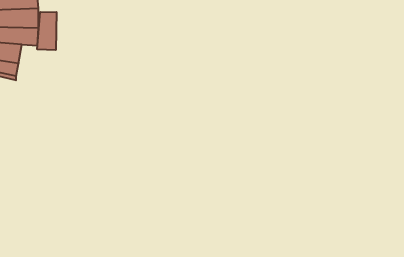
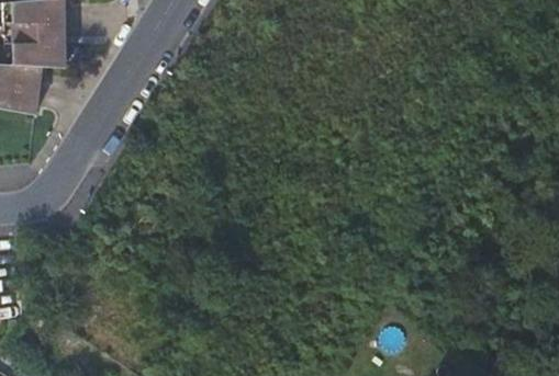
building: [37,12,56,50] -> none

